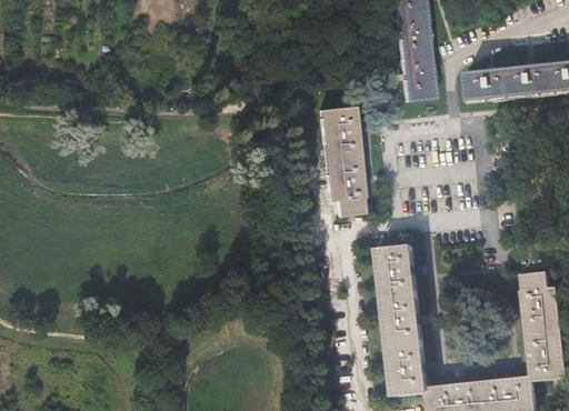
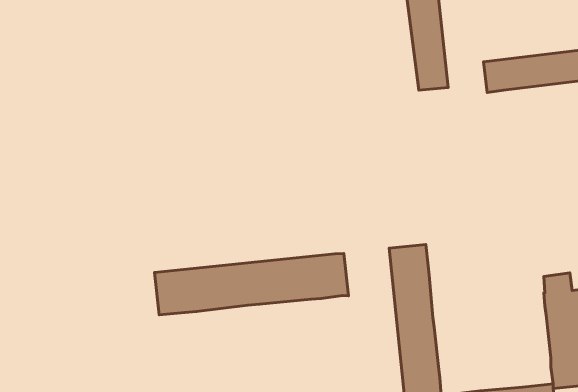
building: [320,104,365,213] -> none
building: none -> [154,253,348,315]

